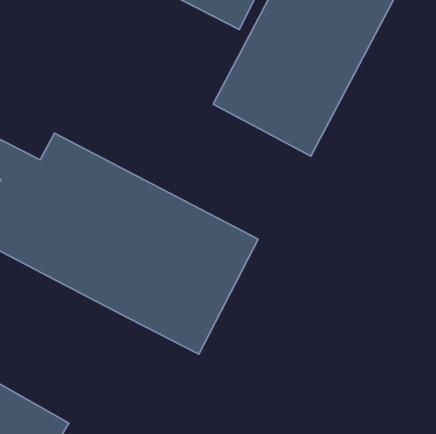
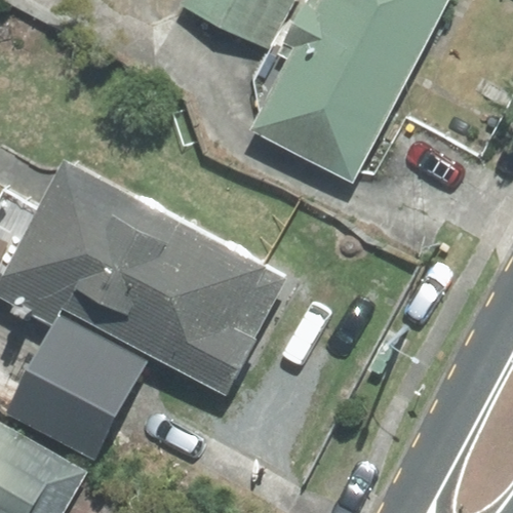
building: none -> [17,313,149,443]

